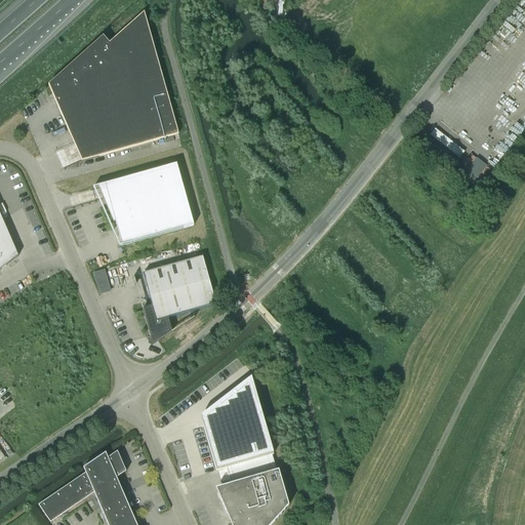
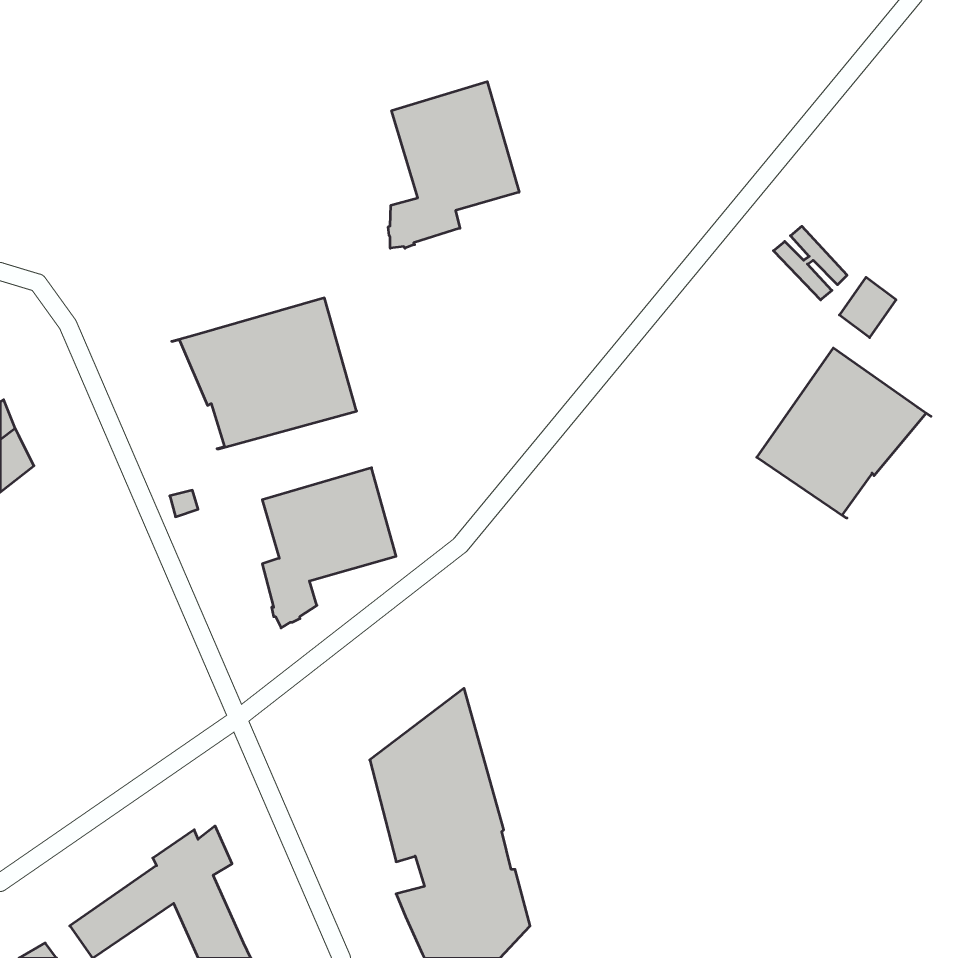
building: [52,10,178,154] -> none
building: none -> [388,82,519,248]
building: none -> [757,348,931,518]

